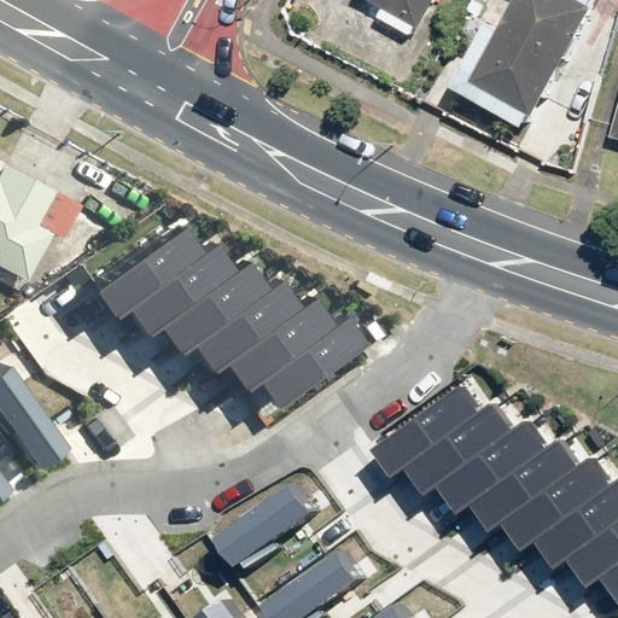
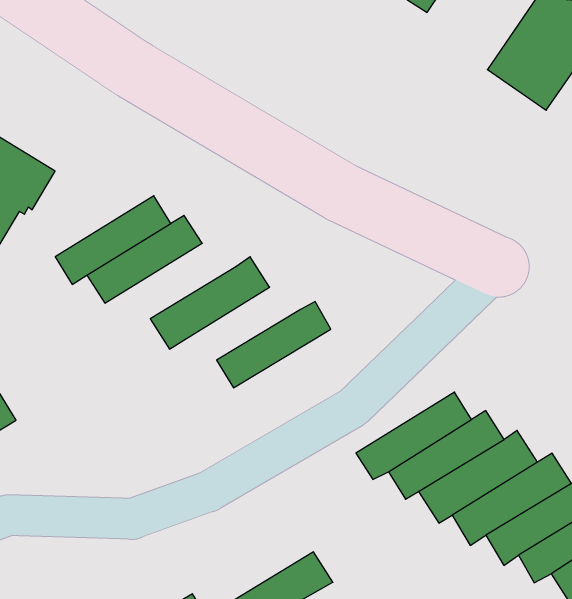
building: [135,253,246,346] -> none
building: [202,292,311,383] -> none
building: [216,482,311,561] -> none

